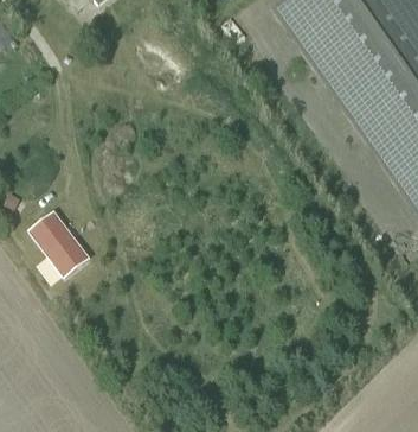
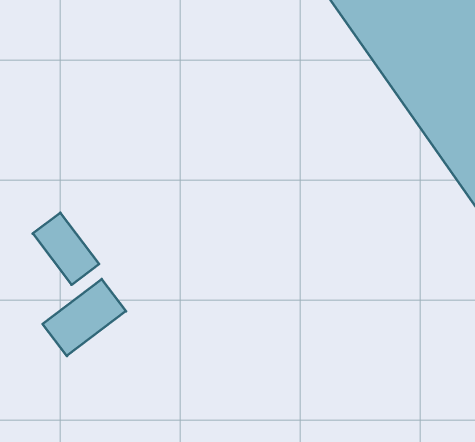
building: none -> [43,279,126,356]

